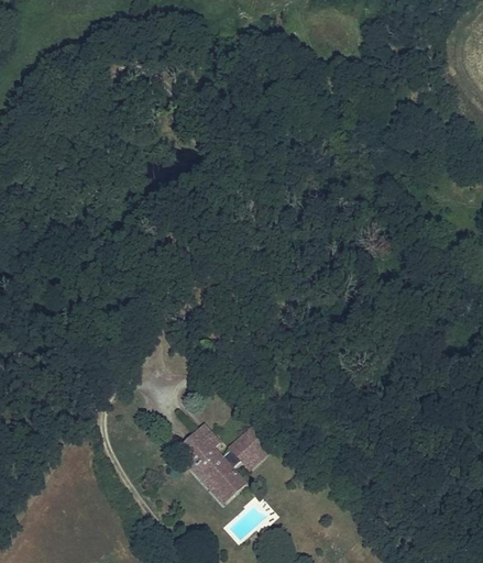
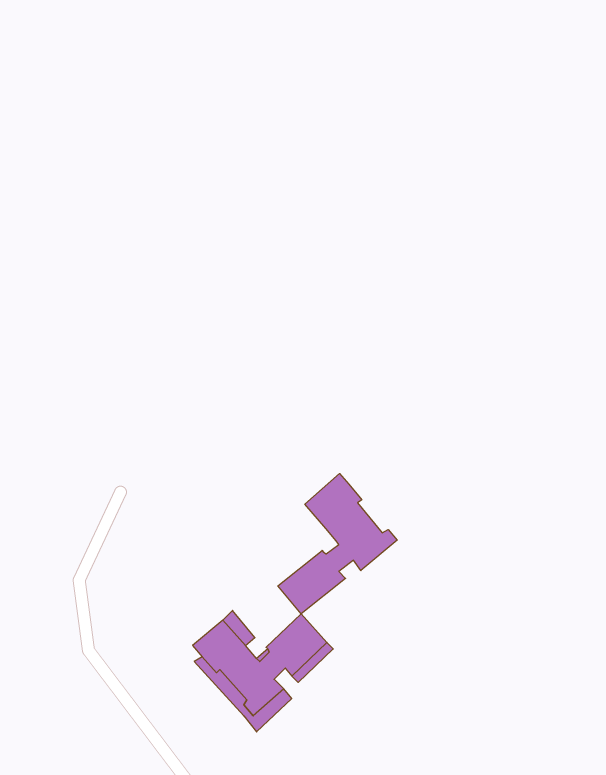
building: none -> [278,474,397,614]

